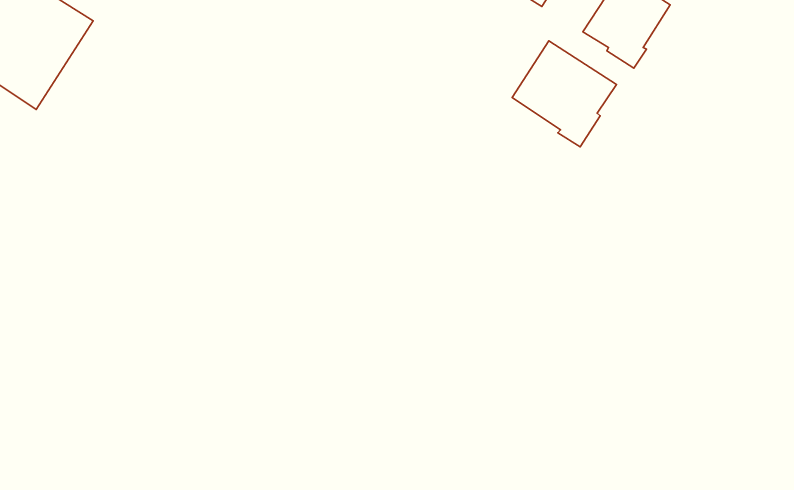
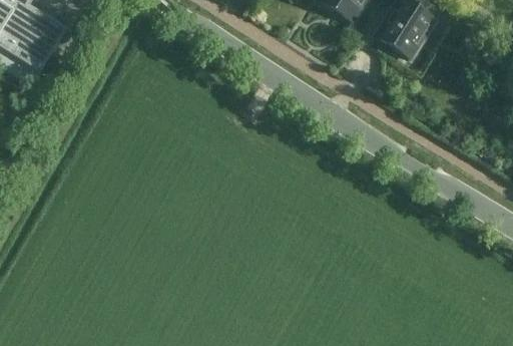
building: [512,41,616,147] -> none

